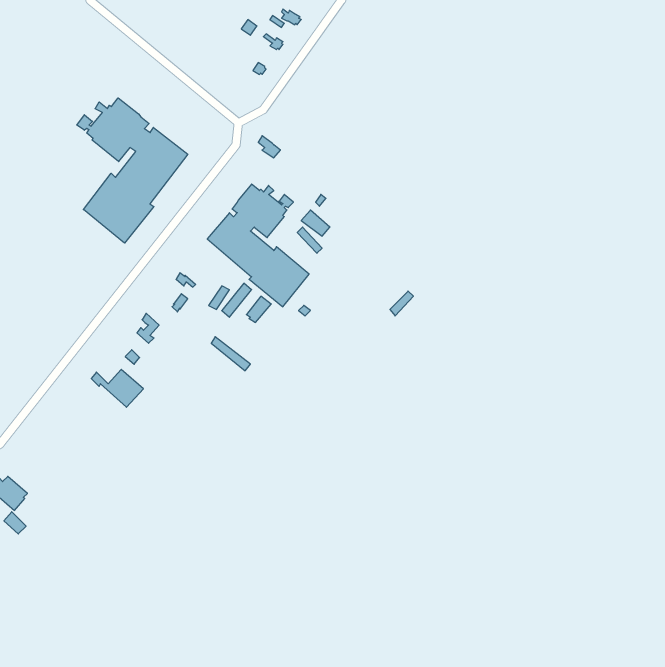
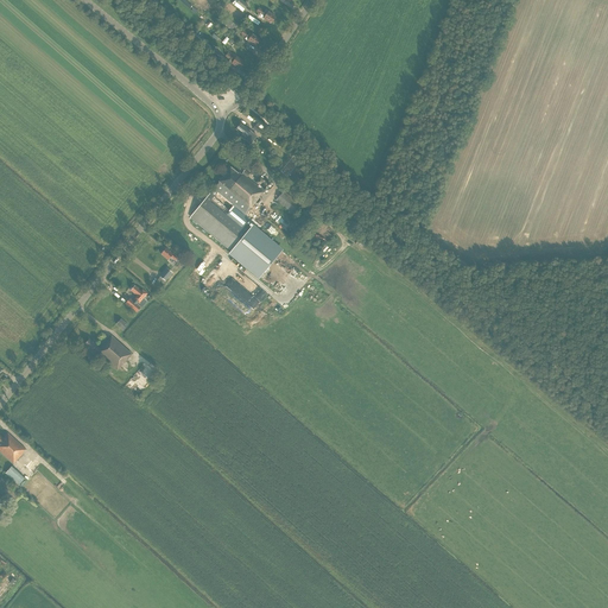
building: [77,98,188,243] -> none

